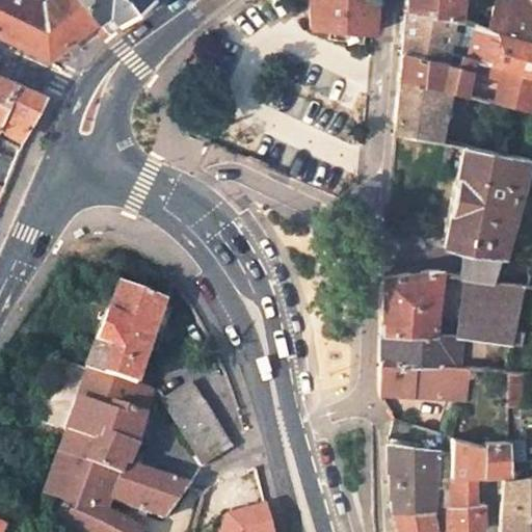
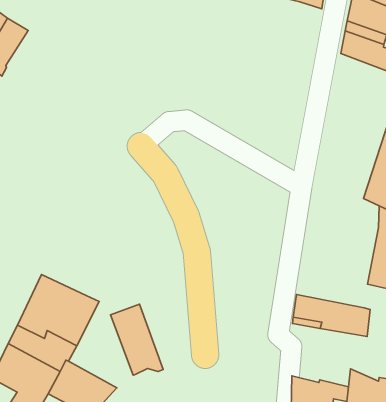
building: [397,80,450,144] -> none
building: [382,266,461,365] -> none
building: [89,281,170,387] -> none

